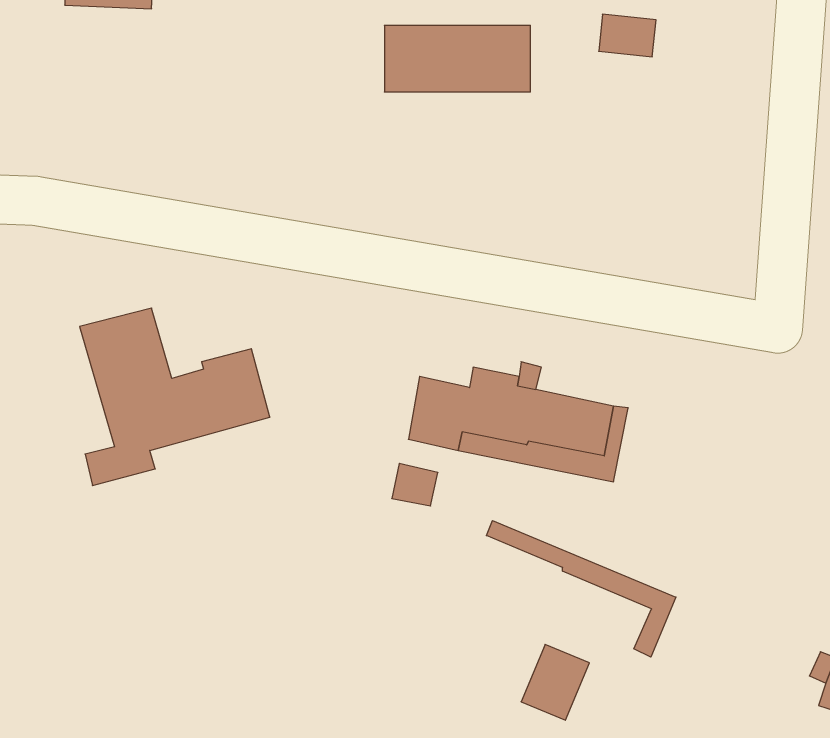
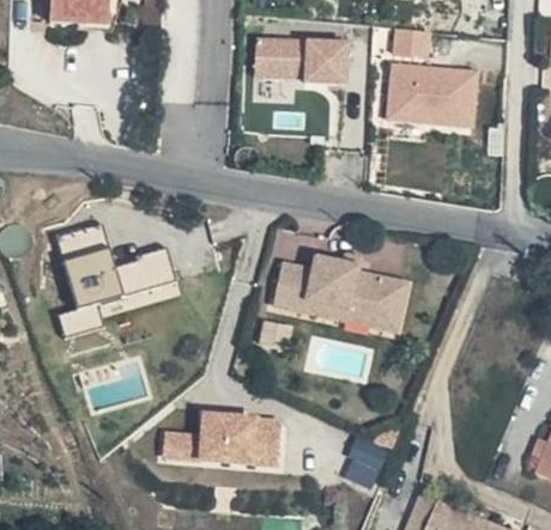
building: none -> [387,65,477,126]
building: [486,521,676,657] -> none
building: none -> [163,412,283,467]

